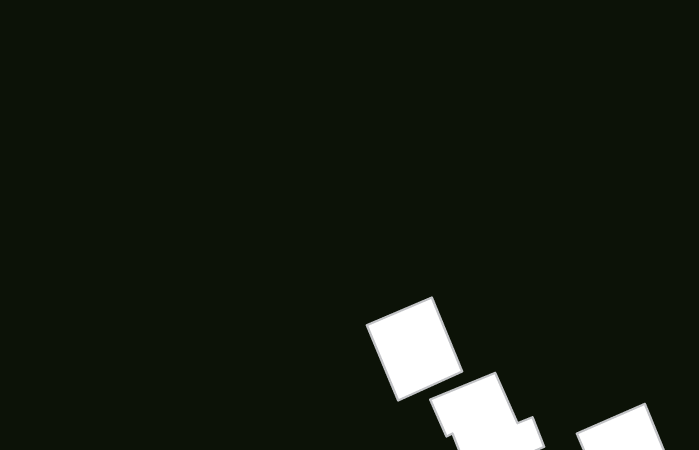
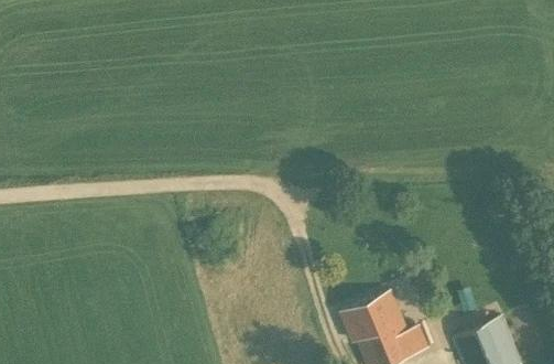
building: [367,298,462,400] -> none

